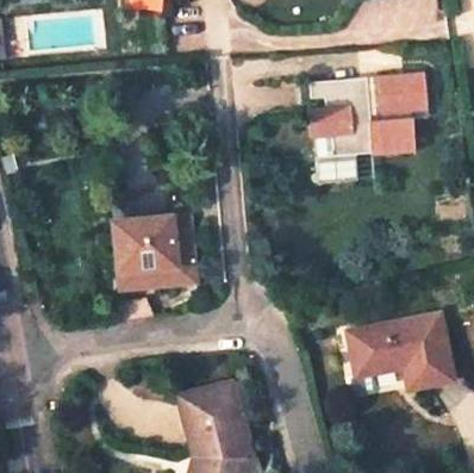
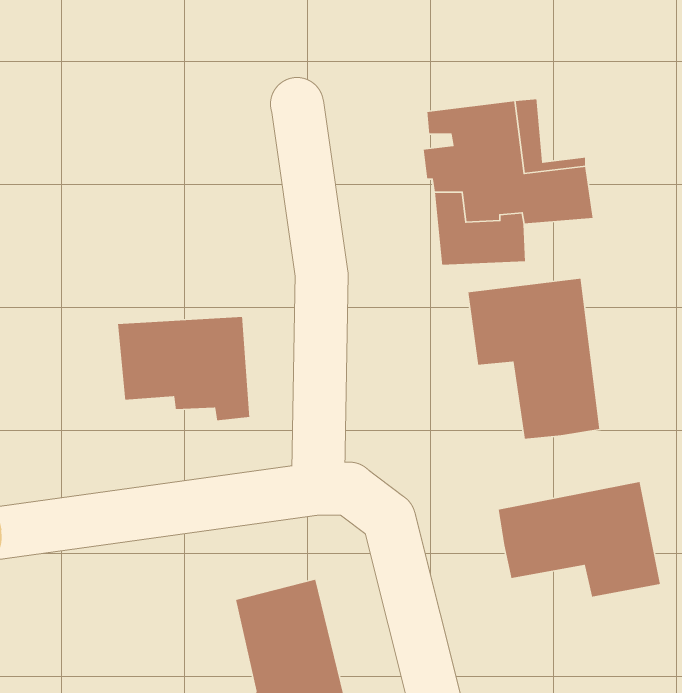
building: [375,74,423,117] -> none
building: none -> [468,278,600,440]

